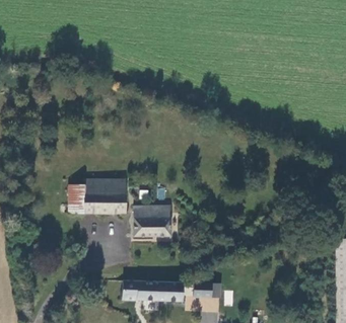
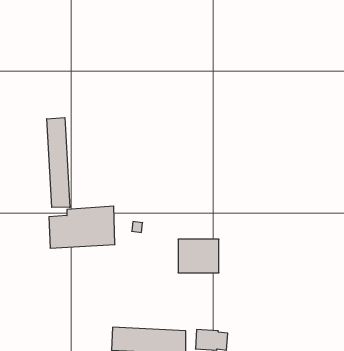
building: none -> [47,118,70,208]
building: [136,206,170,234] -> [178,239,219,273]

